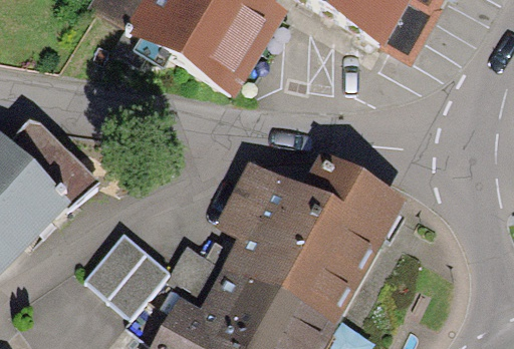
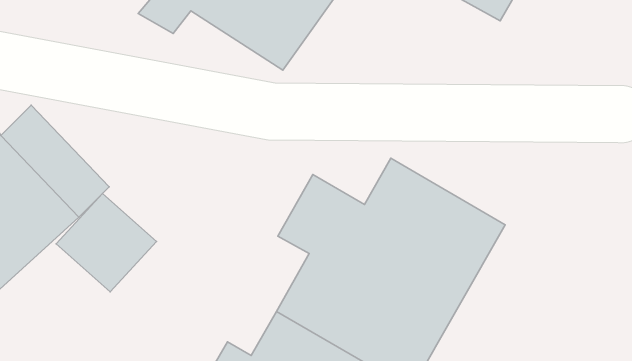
building: [89,235,170,313] -> [56,194,157,292]

